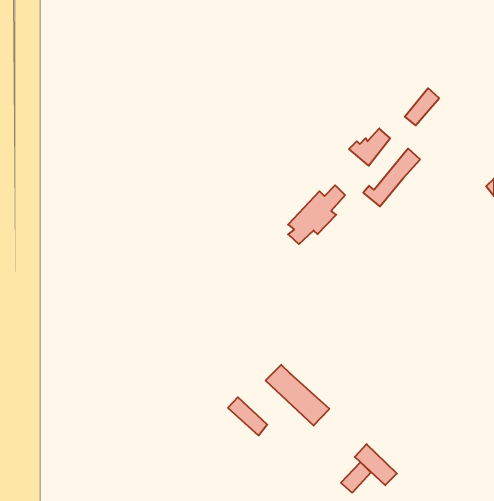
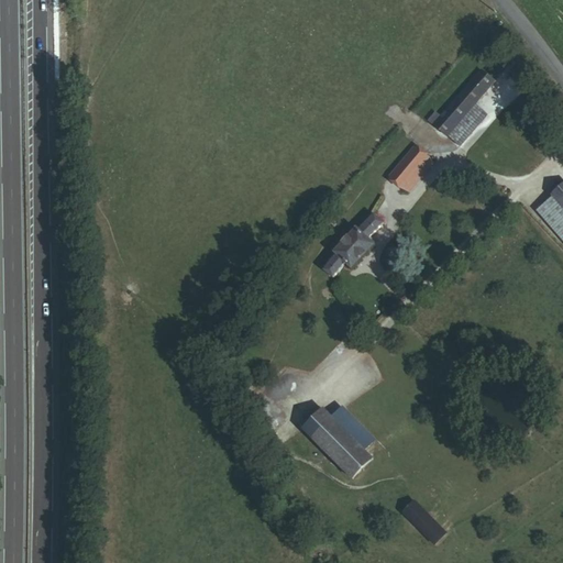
building: [363,149,420,206] -> [435,66,499,131]
building: [228,397,267,435] -> [325,407,369,450]
building: [341,462,371,493] -> none

